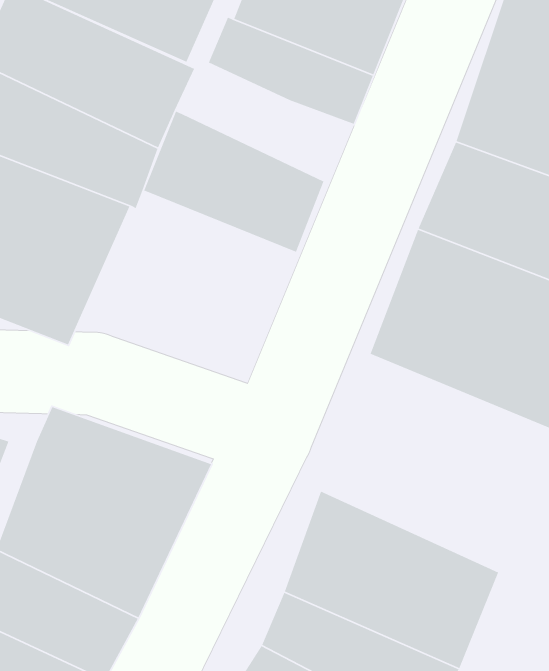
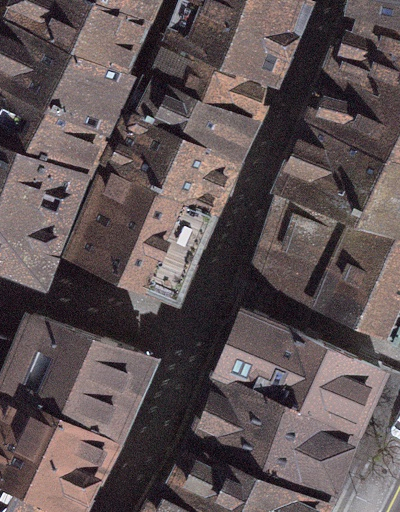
building: none -> [131,72,253,156]
building: none -> [68,163,212,295]
building: none -> [229,312,382,434]

